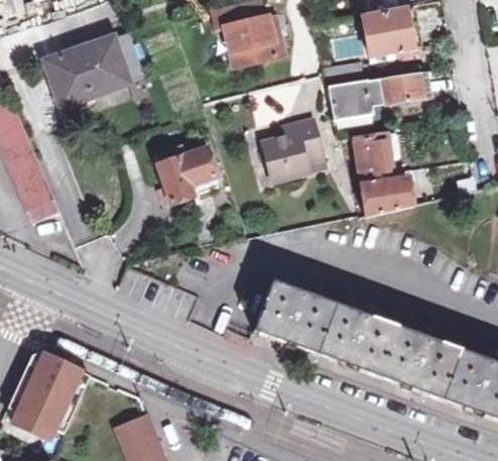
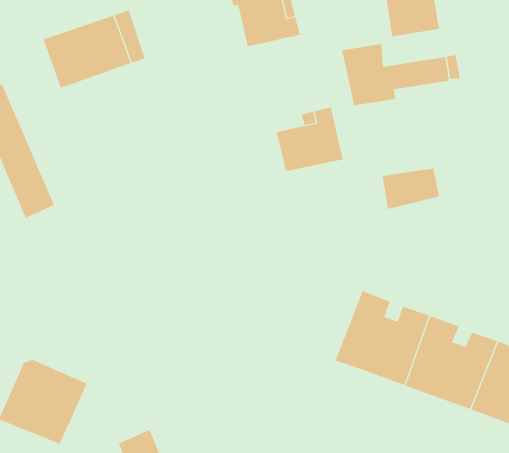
building: [352,132,400,184] -> none
building: [158,155,218,212] -> none
building: [251,279,342,354] -> none

